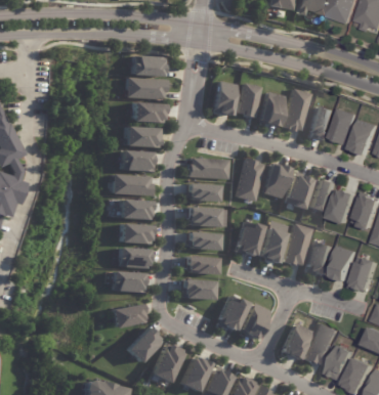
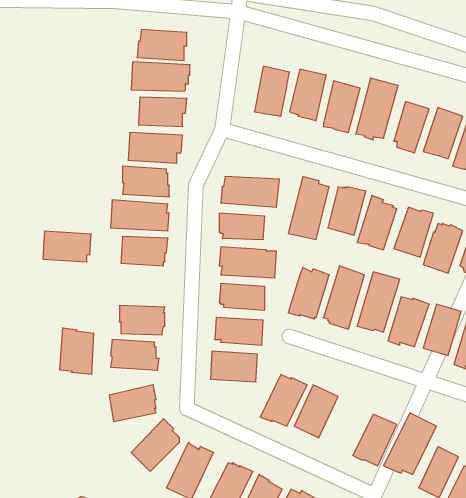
building: [118,223,152,245] -> [43,231,91,262]
building: none -> [60,328,94,374]

